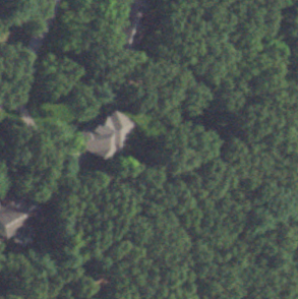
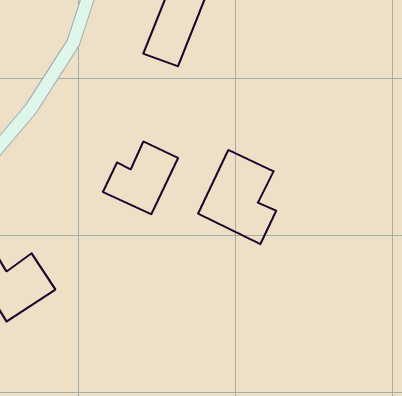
building: none -> [198,150,276,244]

